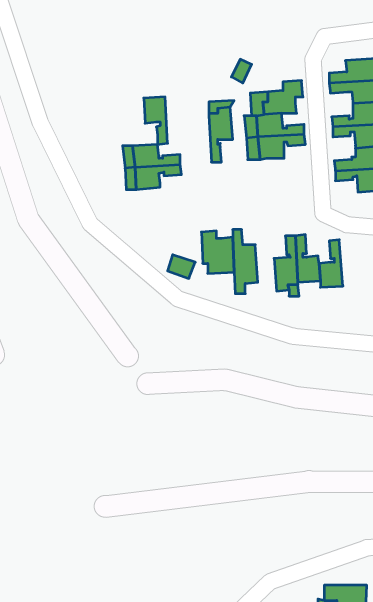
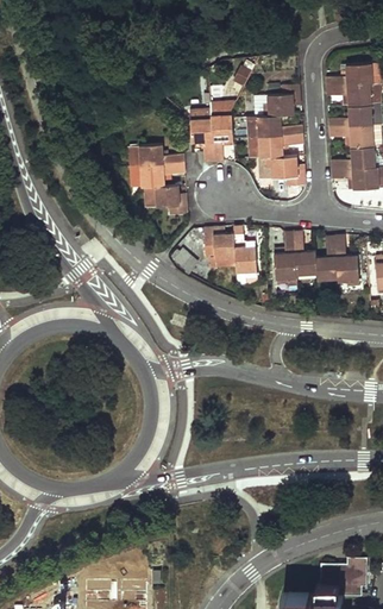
building: [144,97,168,144] -> [192,118,214,163]
building: none -> [266,157,306,187]
building: none -> [156,186,188,215]
building: none -> [335,236,359,287]

